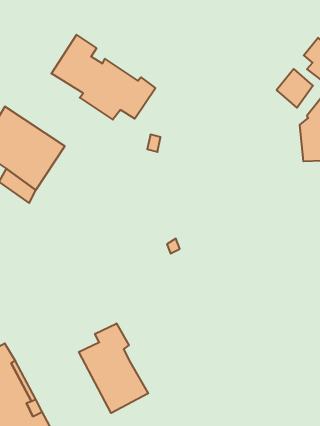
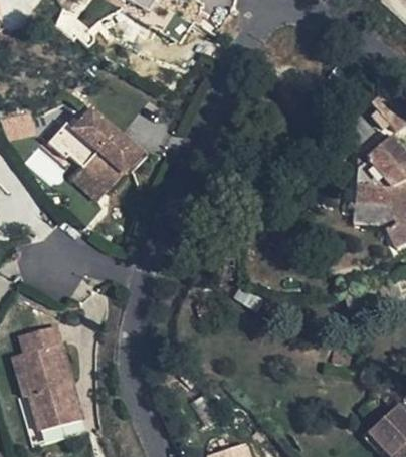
building: [51,35,155,120] -> none
building: [79,323,148,413] -> none

